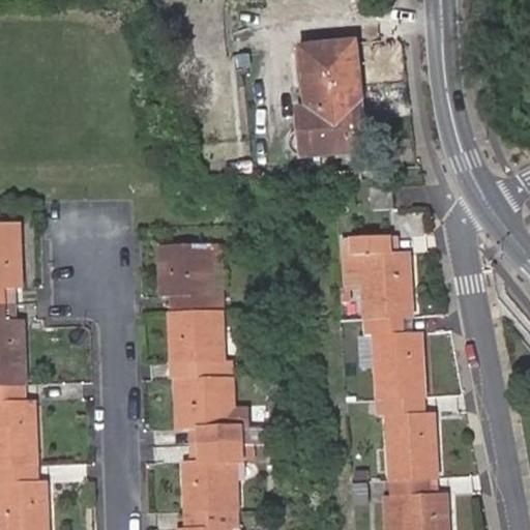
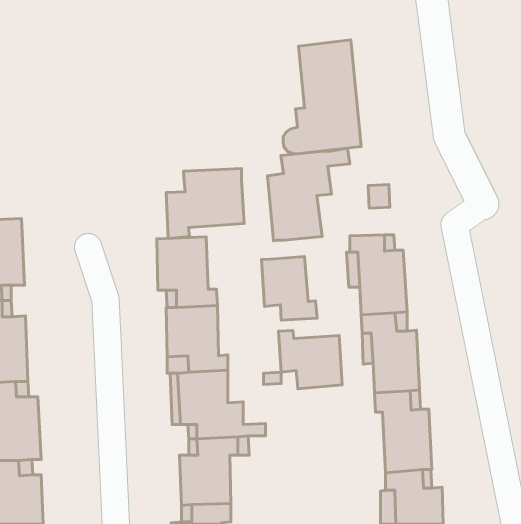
building: none -> [268,148,350,241]
building: none -> [166,168,244,238]
building: none -> [261,257,317,320]
building: none -> [279,330,342,389]

